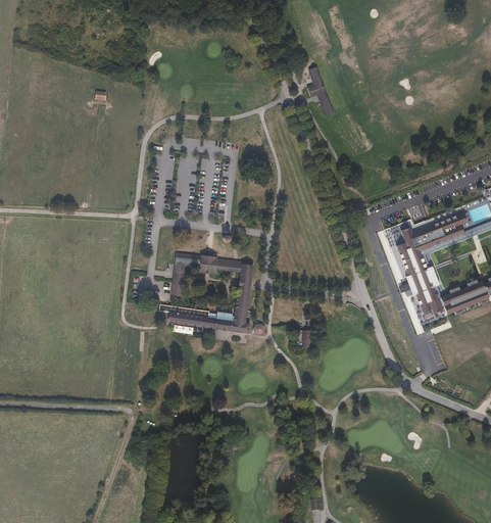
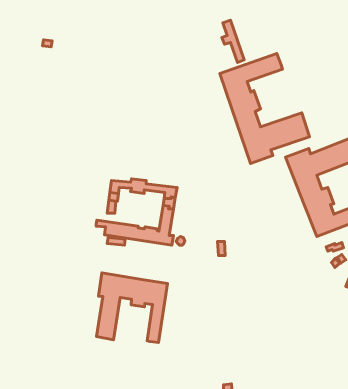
building: none -> [220,54,310,164]
building: none -> [96,273,168,342]

